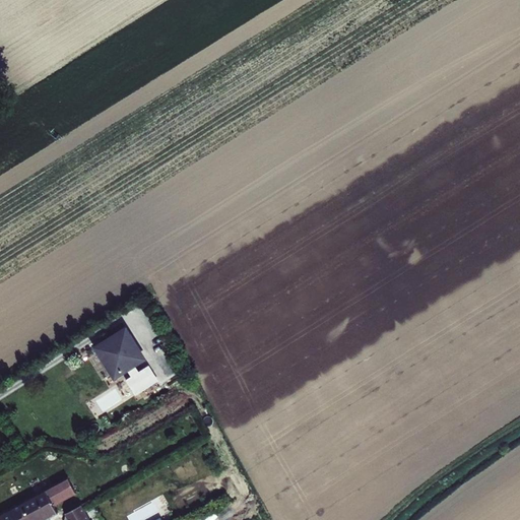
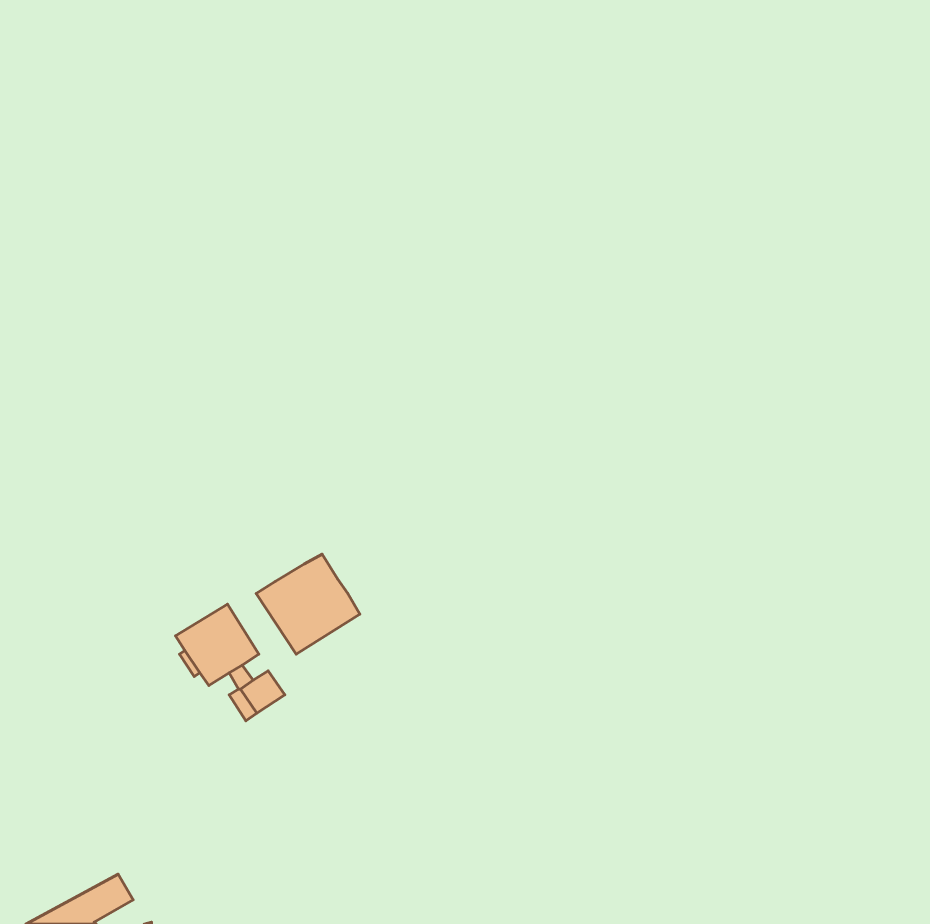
building: none -> [256,554,360,654]

